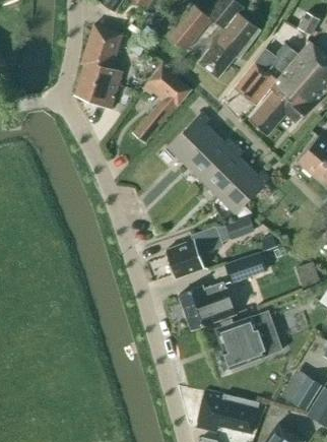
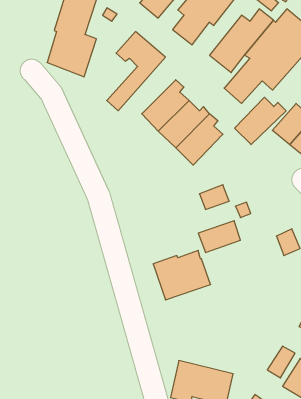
building: [218,166,269,212] -> [235,97,286,145]
building: [166,227,222,277] -> none
building: [215,310,281,368] -> none

